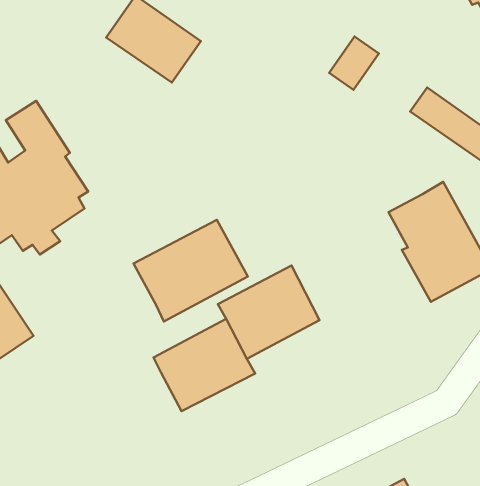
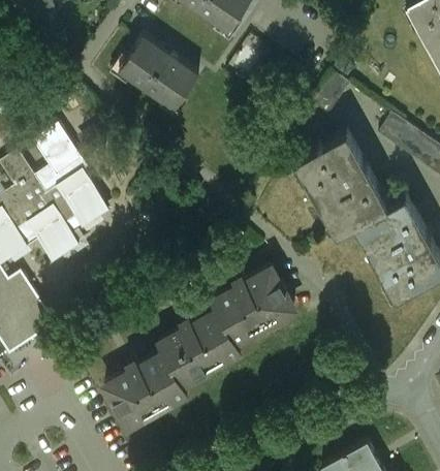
building: none -> [293,128,386,227]
building: [134,220,248,321] -> none
building: none -> [100,354,189,435]

